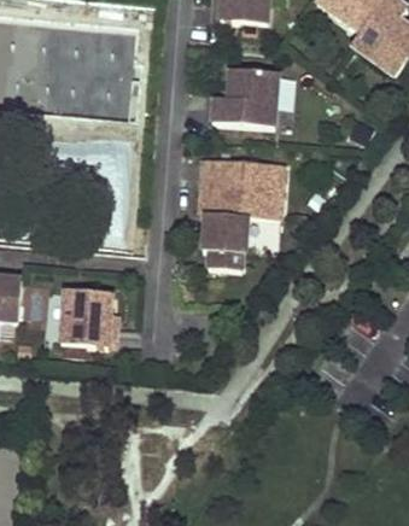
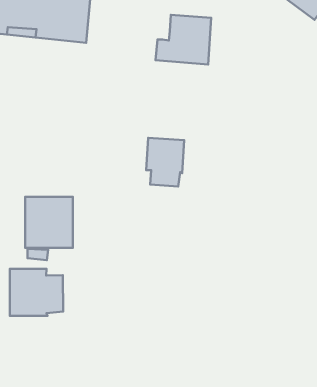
building: [199,159,280,218] -> none
building: none -> [10,269,63,316]

